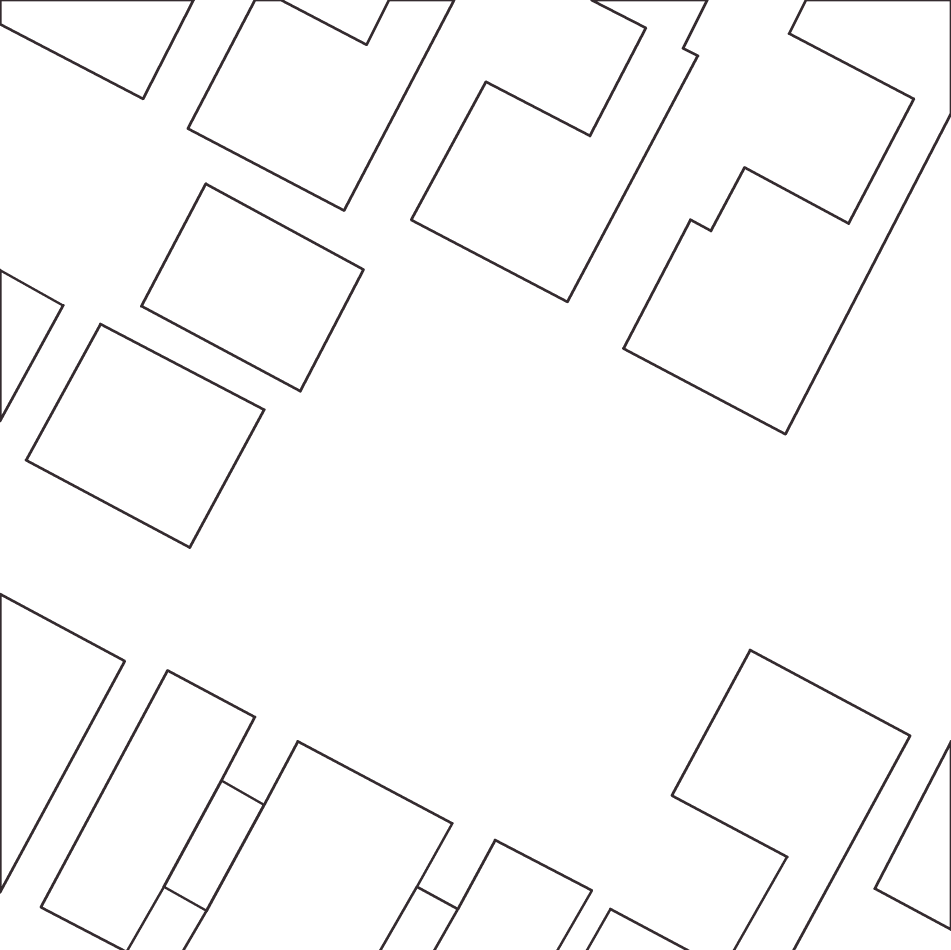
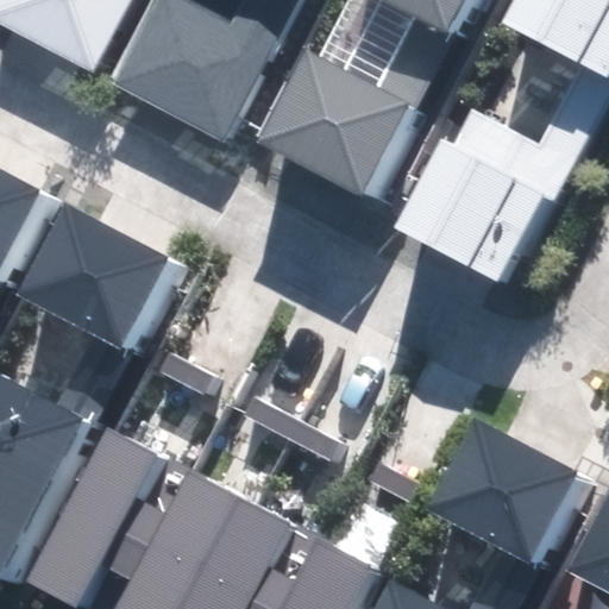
building: [141,184,363,391] -> none

